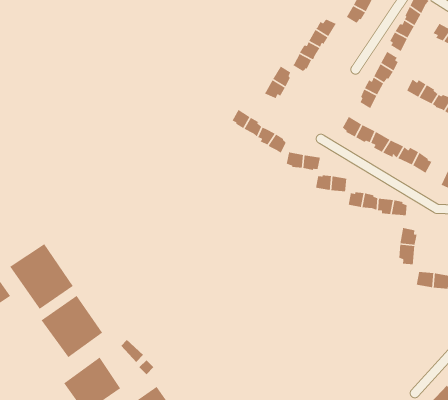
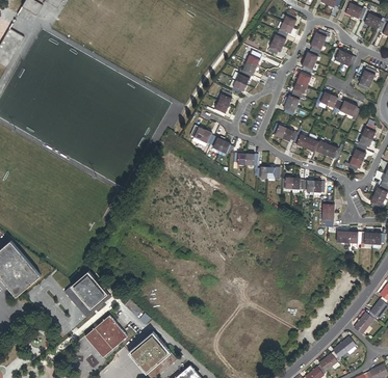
building: [9,243,74,310] -> none

